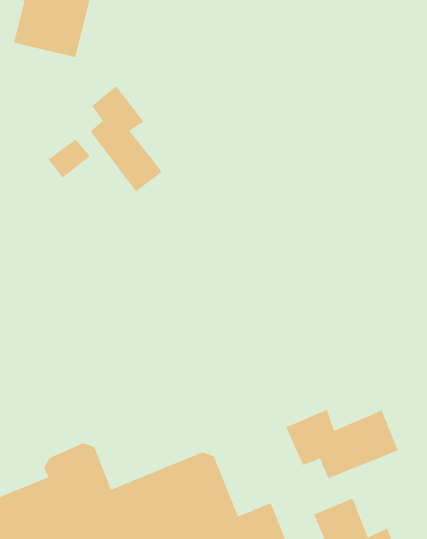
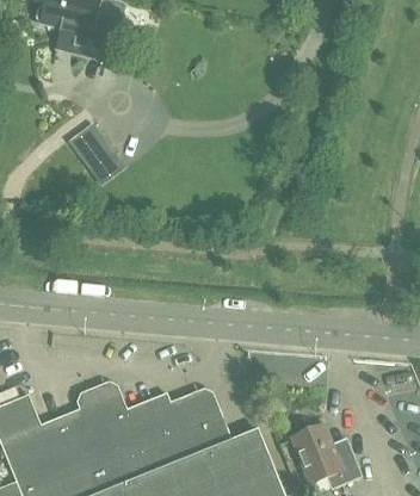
building: [89,85,163,192] -> none
building: [285,409,399,479] -> none

